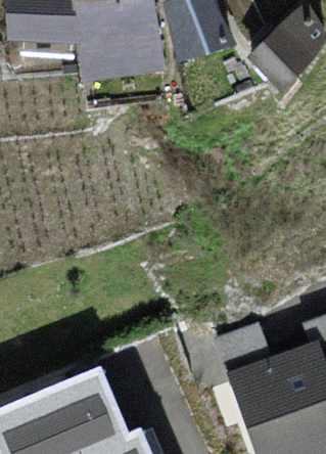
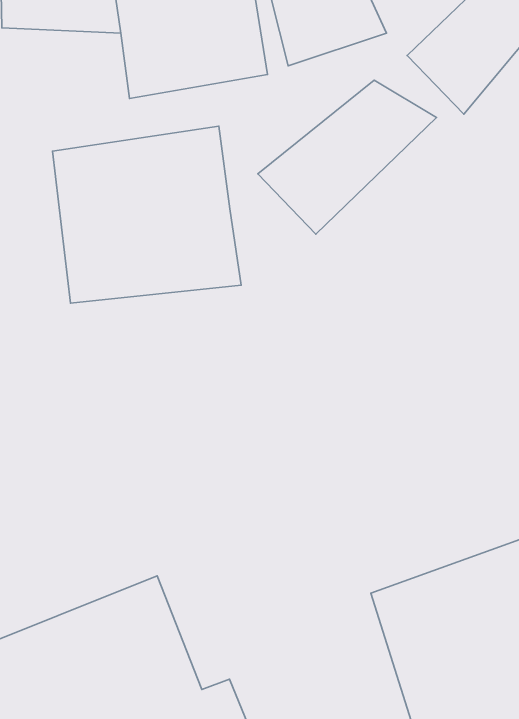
building: none -> [258,80,437,234]
building: none -> [53,126,241,303]

